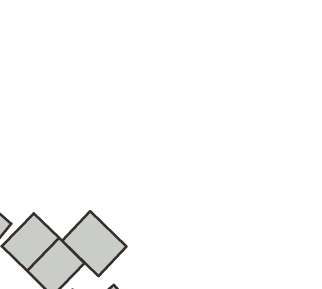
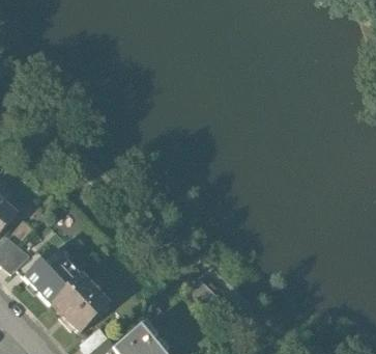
building: [62,211,126,276] -> none

